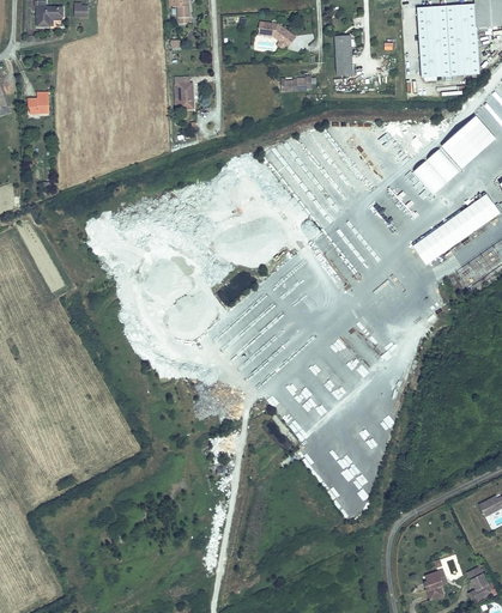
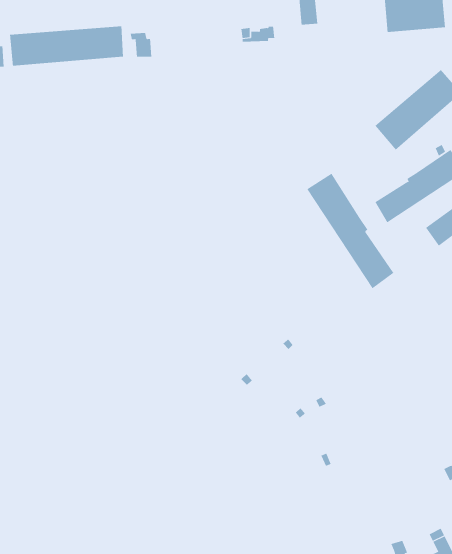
building: none -> [10,25,124,67]
building: none -> [307,173,394,289]

